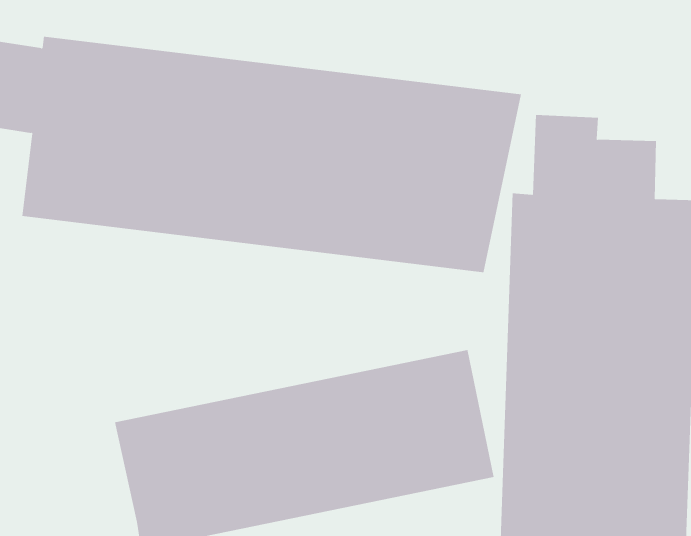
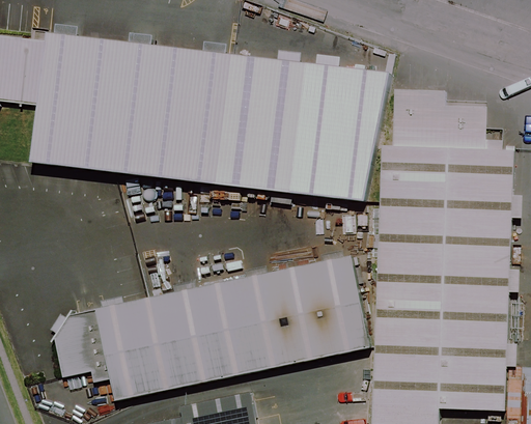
building: none -> [54,308,111,384]

